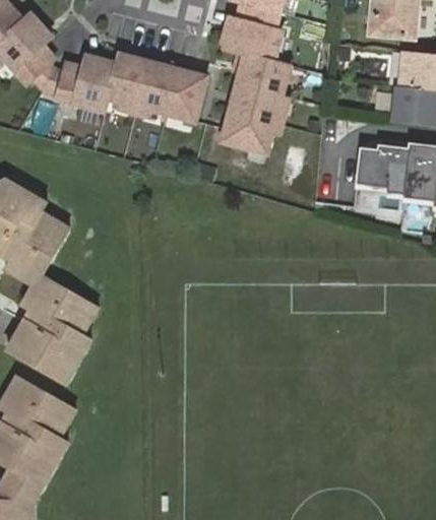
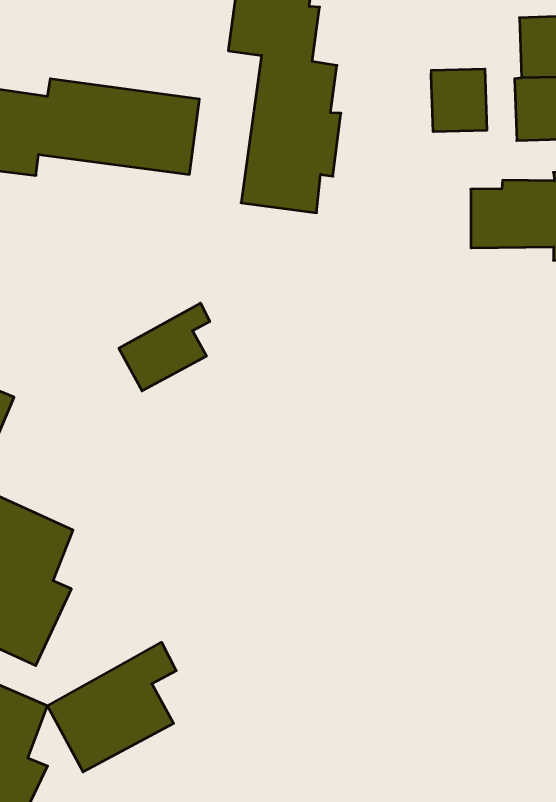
building: none -> [431,69,487,132]
building: none -> [119,303,210,391]
building: none -> [47,642,176,772]

